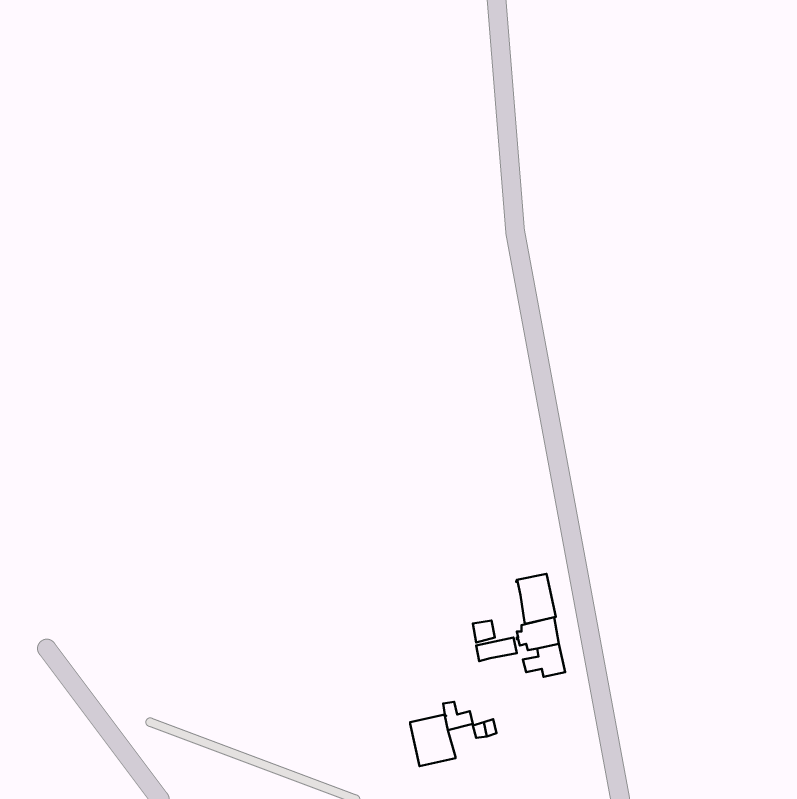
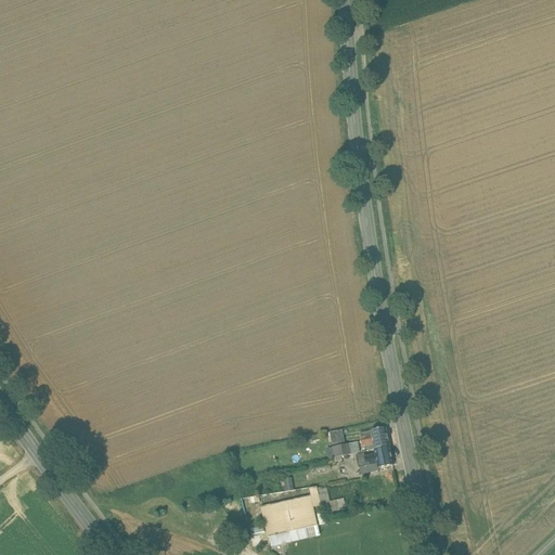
building: [516,574,556,624] -> none
building: none -> [259,500,291,537]

